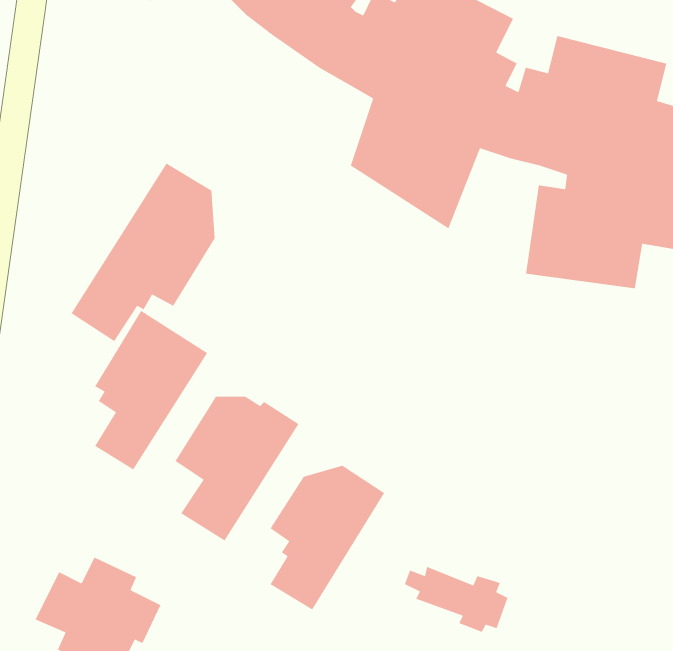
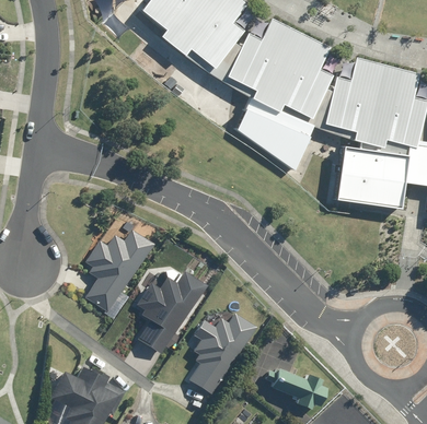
building: [70,163,216,342] -> none

